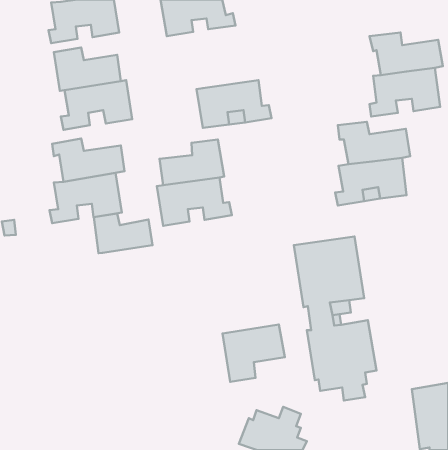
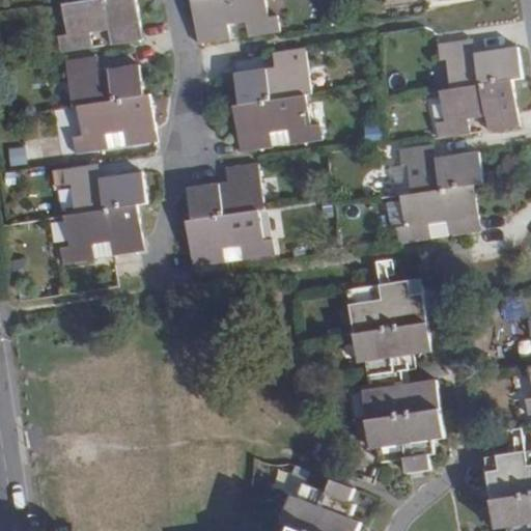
building: none -> [233,48,310,104]
building: [94,213,153,253] -> none
building: [223,325,285,382] -> none

